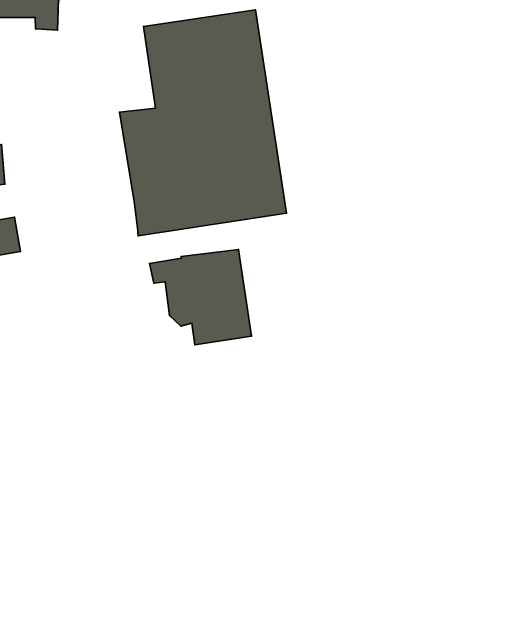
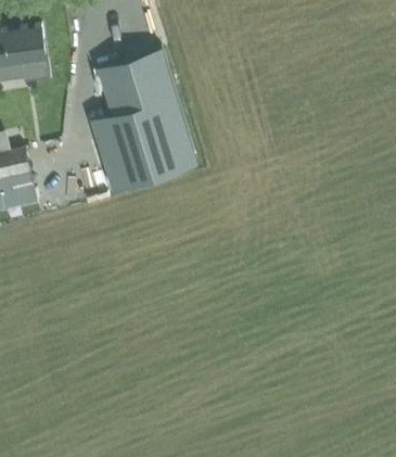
building: [150,250,252,345] -> none

